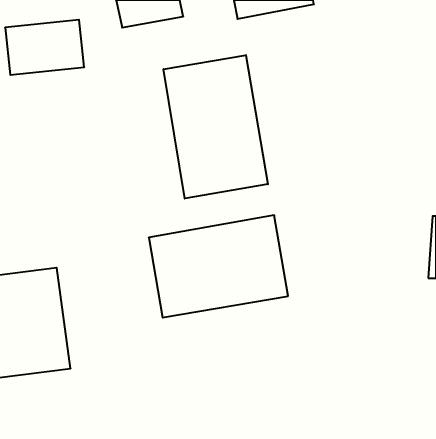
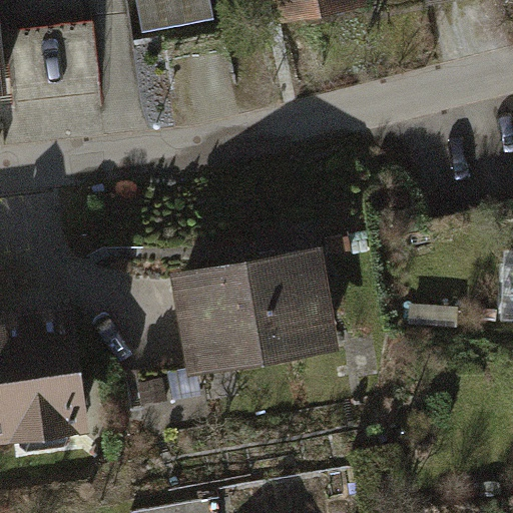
building: [164,55,268,199] -> none

